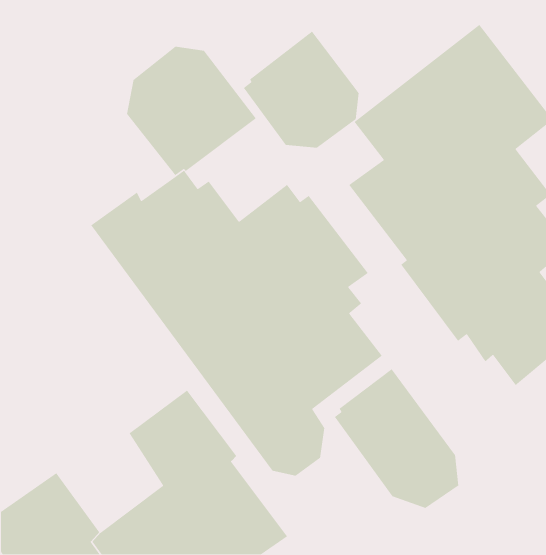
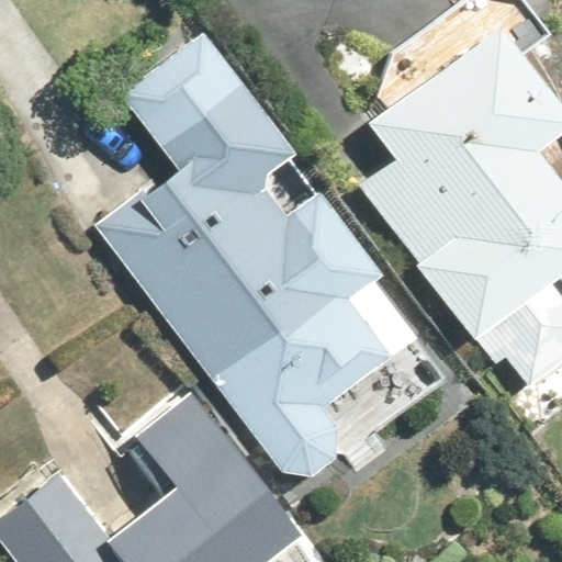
building: [243,31,360,148] -> none
building: [334,368,459,509] -> none

